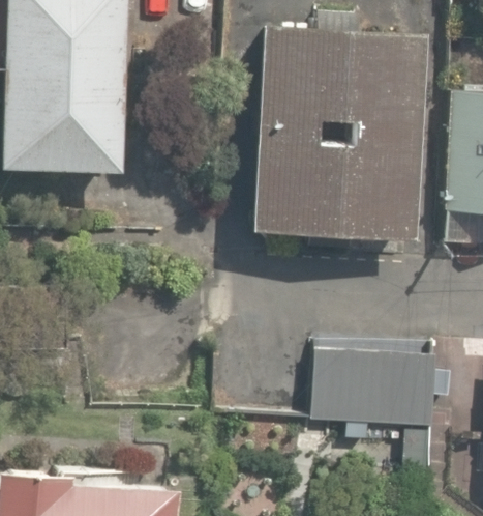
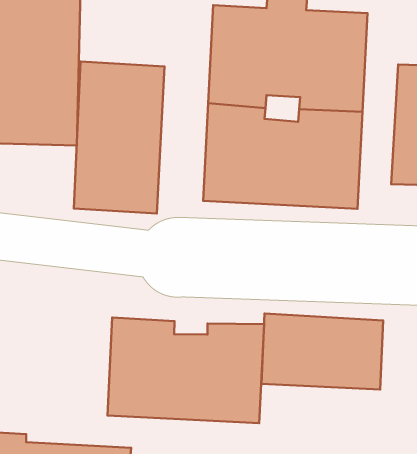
building: none -> [74,61,164,213]
building: none -> [107,318,264,423]

